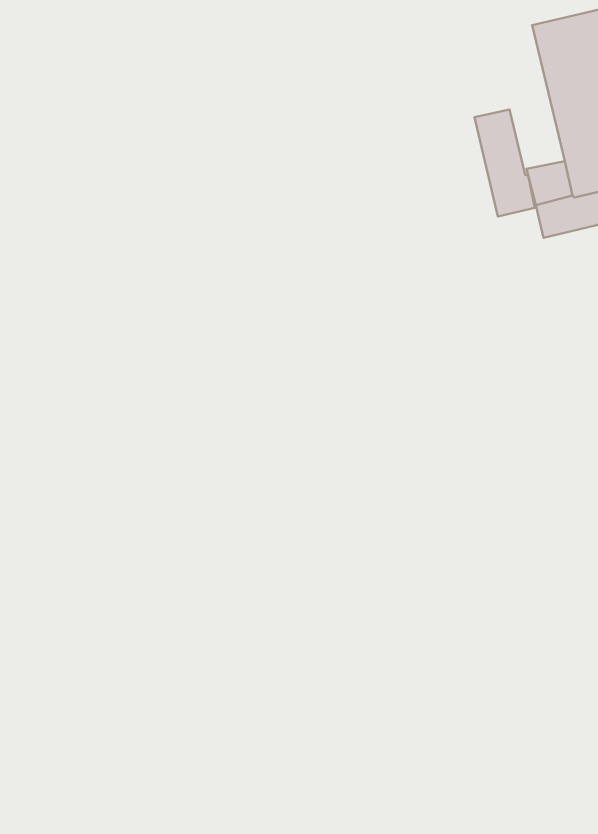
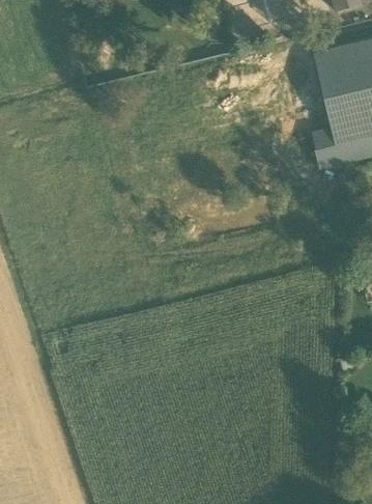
building: [475,109,535,216] -> none

